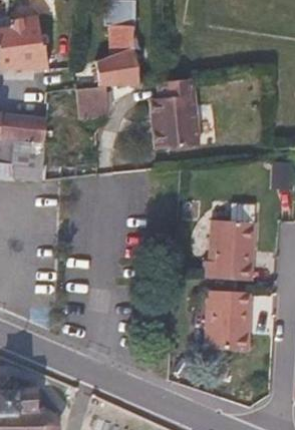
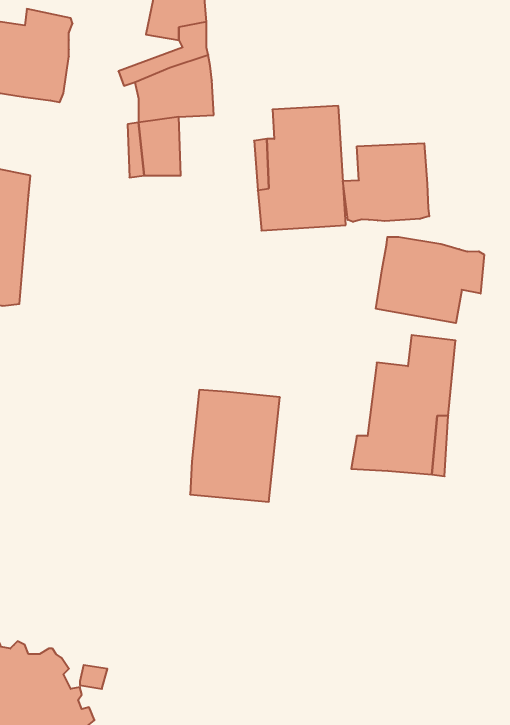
building: none -> [343,143,429,222]
building: none -> [376,237,484,323]
building: [207,289,256,350] -> [190,390,280,502]

